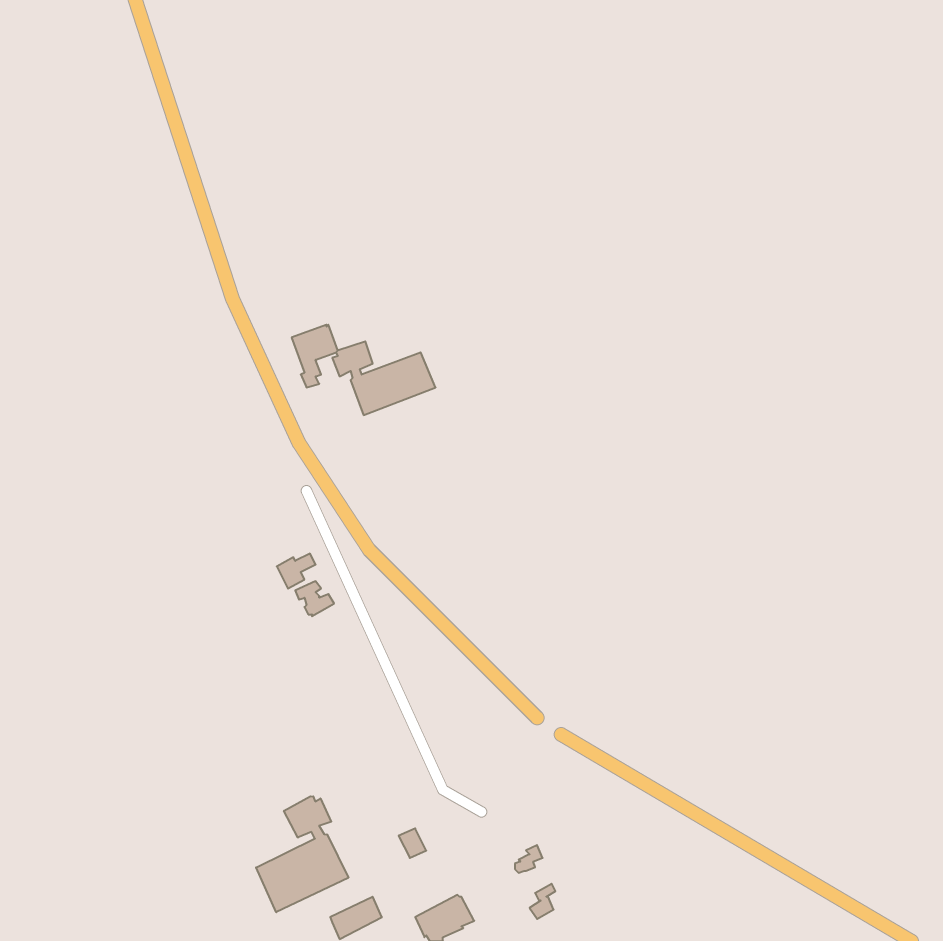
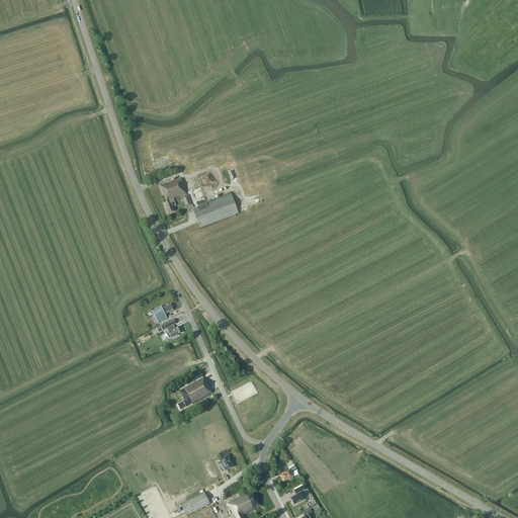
building: none -> [177,377,211,409]
building: [256,796,348,912] -> none

